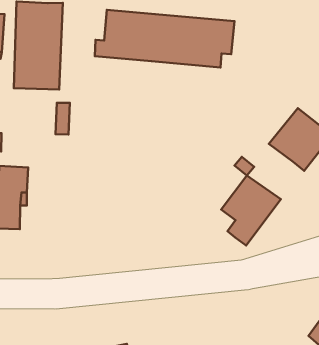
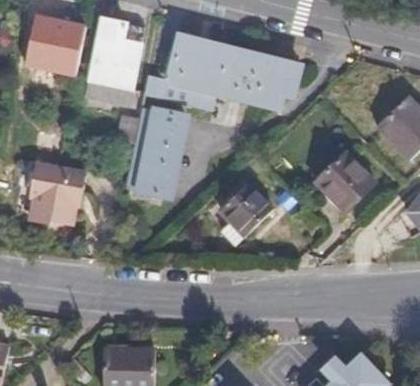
building: none -> [147,73,217,112]
building: none -> [125,110,184,197]
building: [221,175,281,245] -> [217,182,274,247]

